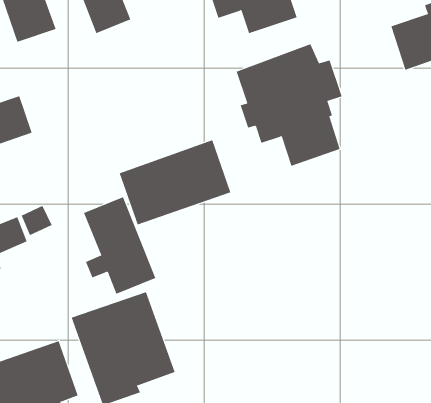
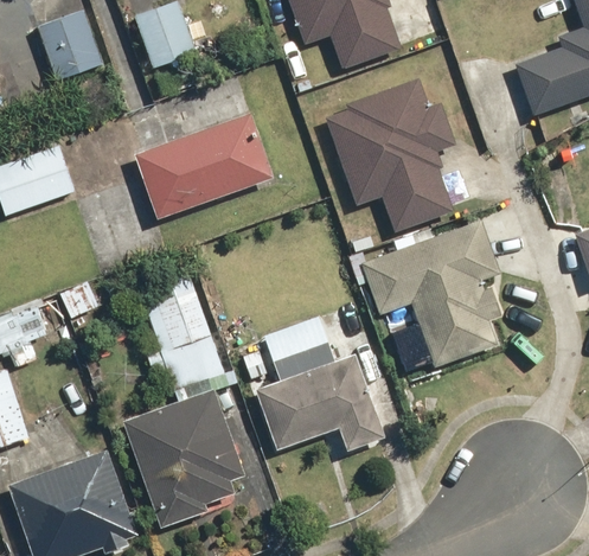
building: [119,140,231,225] -> [134,113,273,218]
building: none -> [359,221,499,369]
building: none -> [256,340,382,449]

